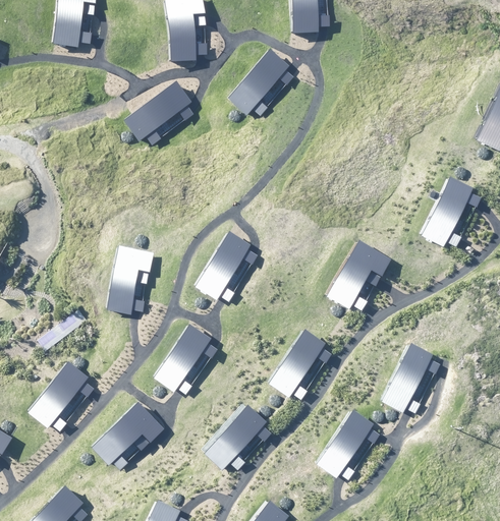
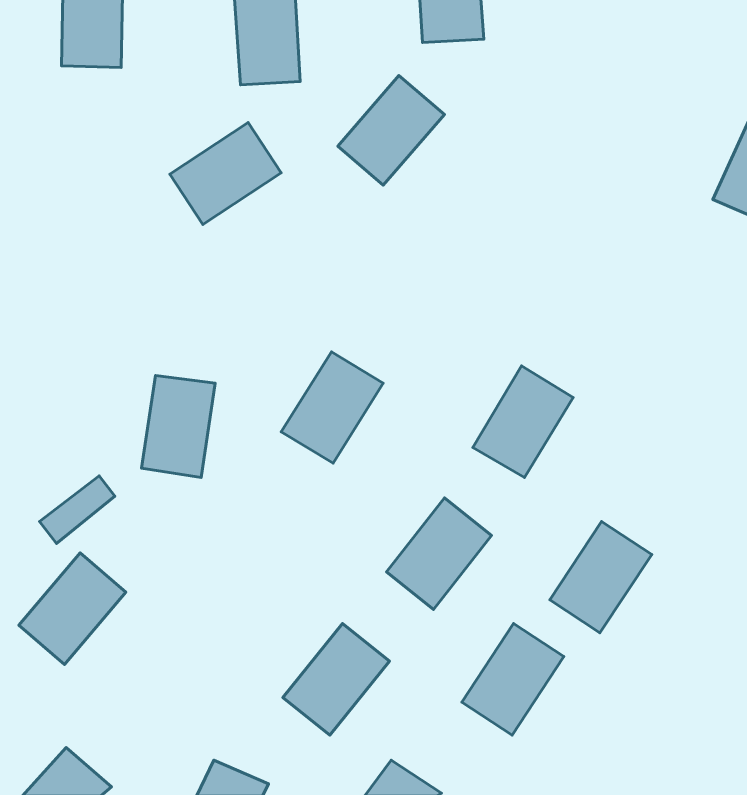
building: [420,175,481,246] -> none
building: [154,325,220,398] -> none
building: [91,404,162,474] -> none

